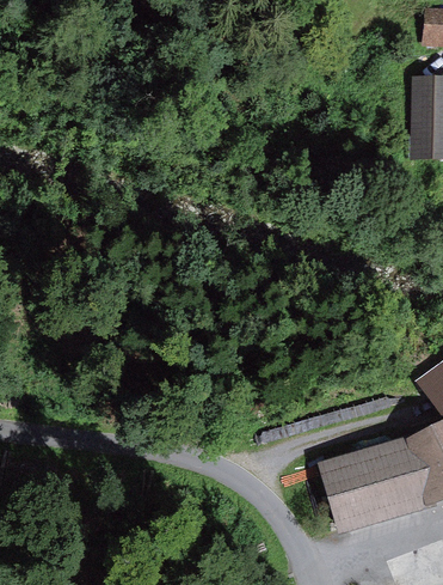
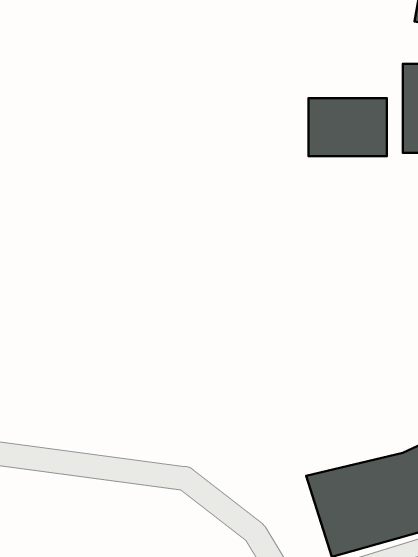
building: none -> [309,98,387,156]

